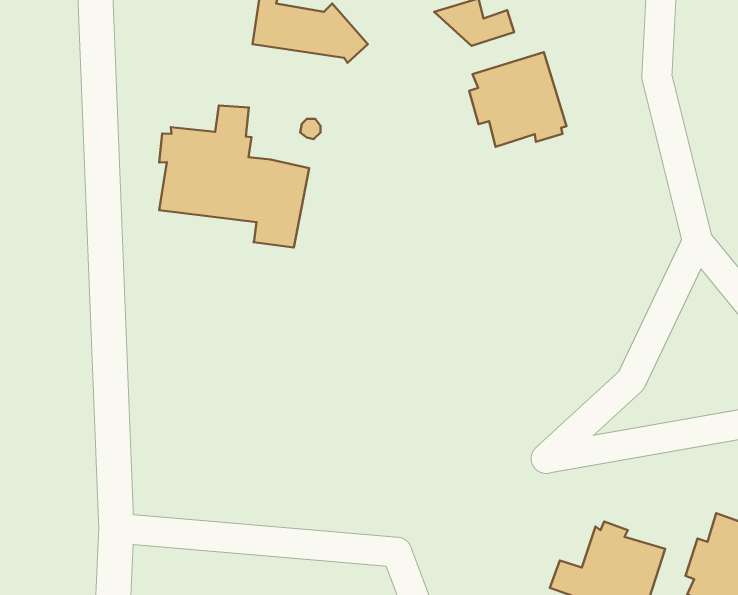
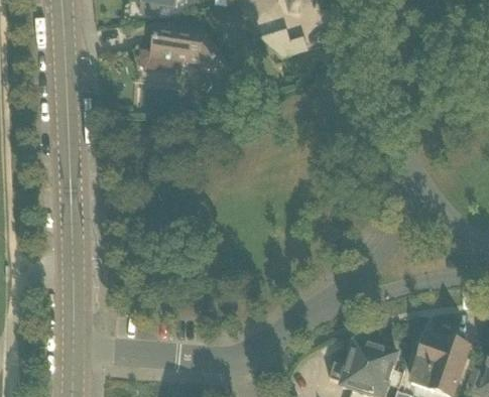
building: [469,52,567,147] -> none
building: [159,106,309,247] -> none

